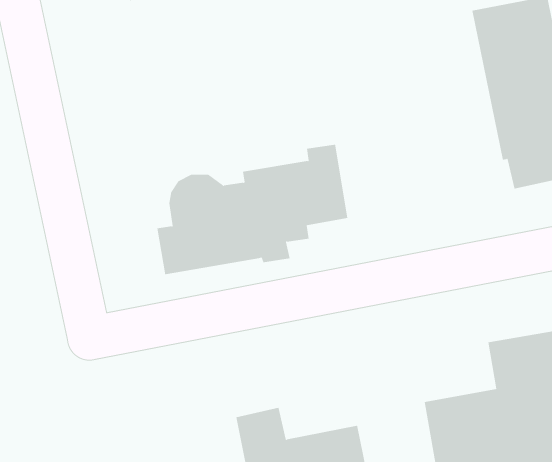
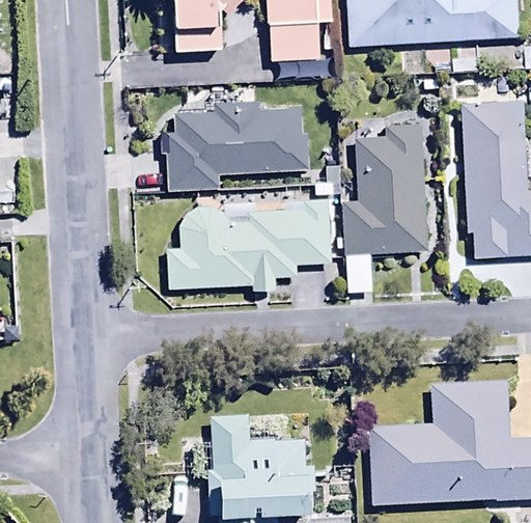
building: none -> [161,101,309,189]
building: none -> [341,126,427,255]

